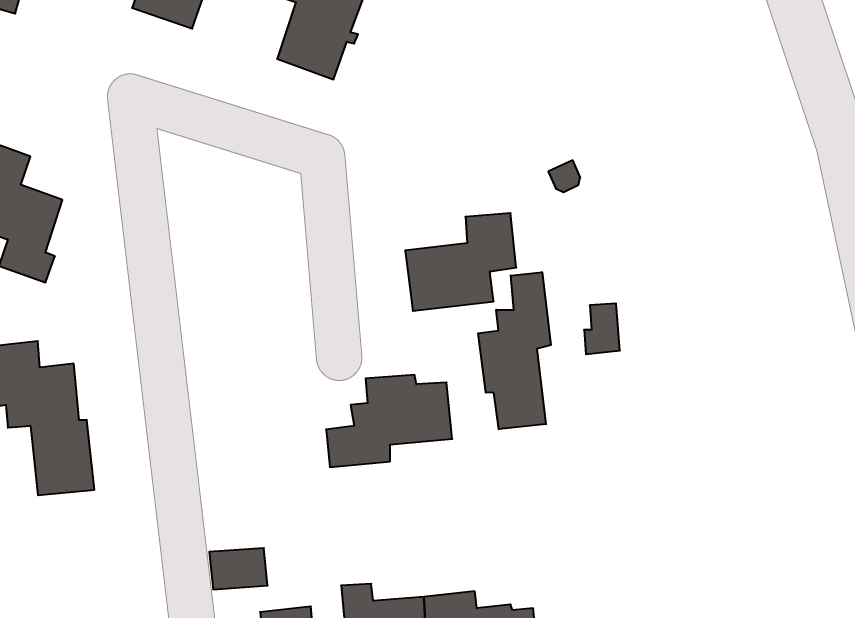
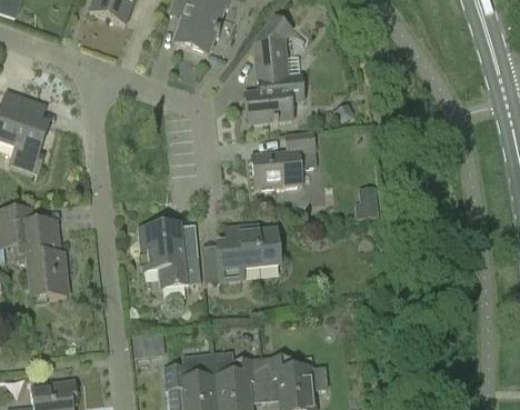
building: none -> [244,12,304,122]
building: [478,272,551,429] -> none
building: none -> [139,224,201,284]

